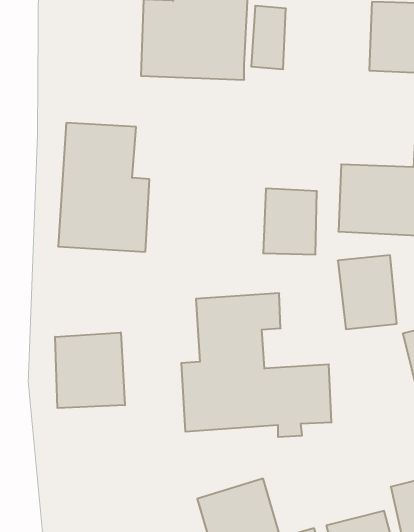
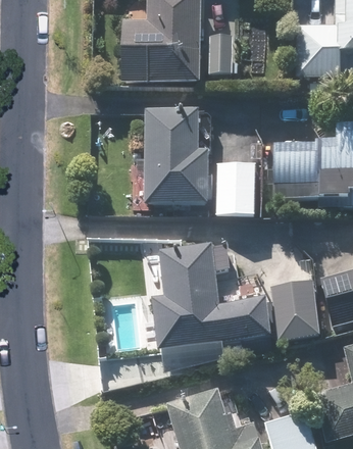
building: [58,123,149,252] -> [141,106,210,204]
building: [338,255,397,329] -> [272,282,317,338]
building: [55,332,125,408] -> none

